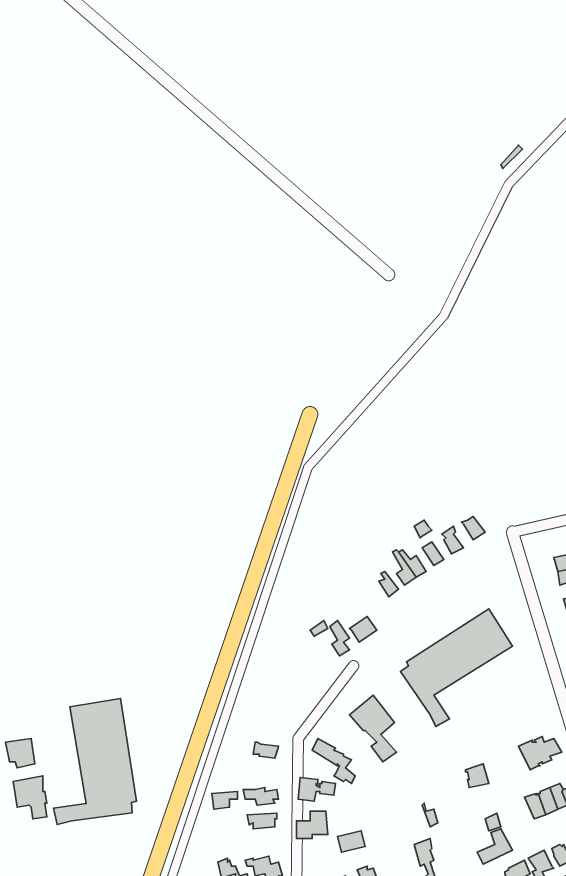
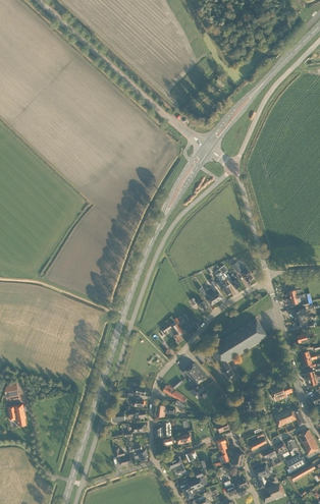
building: [54,699,136,825] -> none

